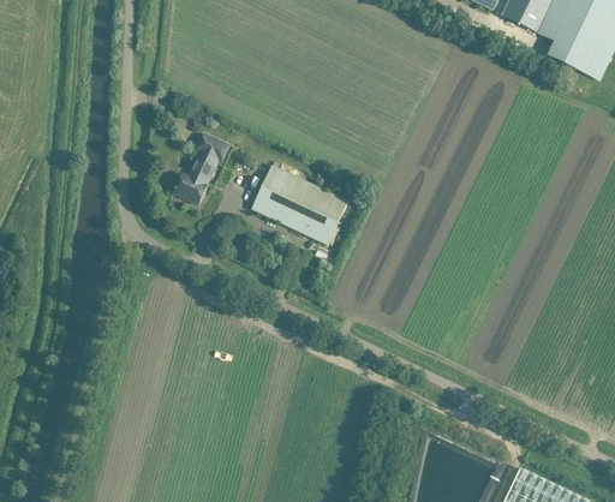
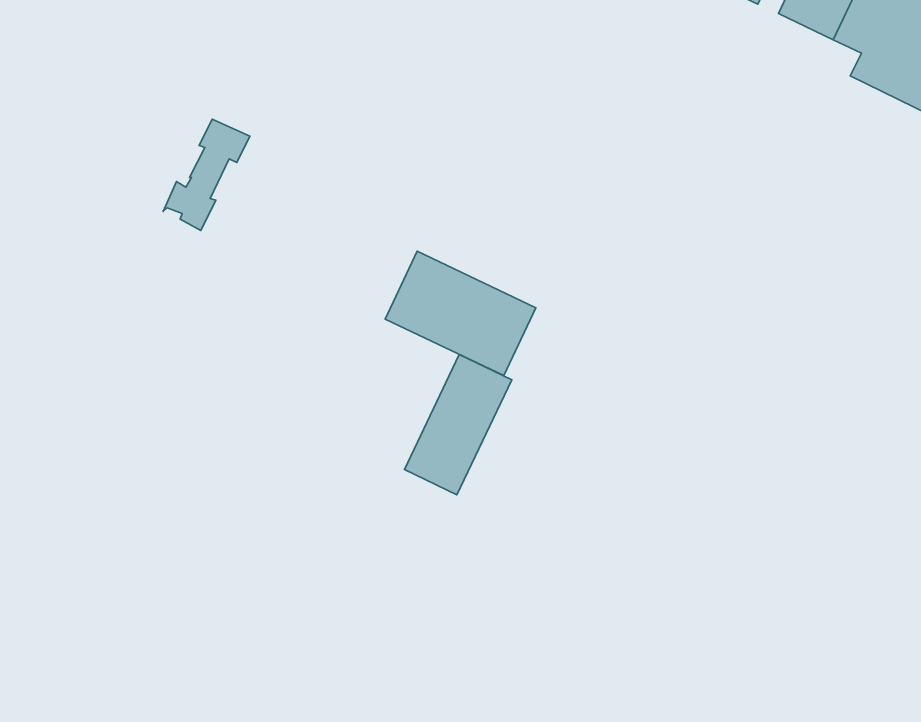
building: [174,135,229,205] -> [163,119,250,230]
building: none -> [404,354,512,495]

